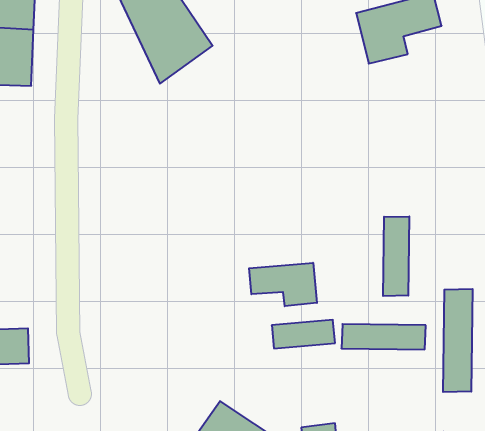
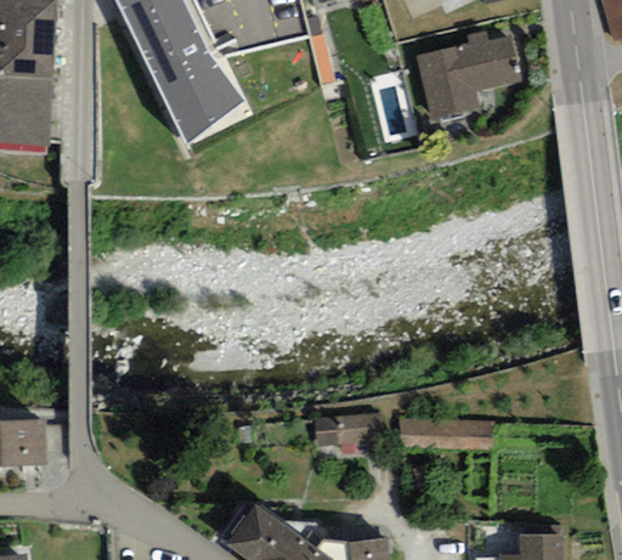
building: [383,216,409,296] -> none
building: [249,263,317,306] -> none
building: [443,289,473,392] -> none

